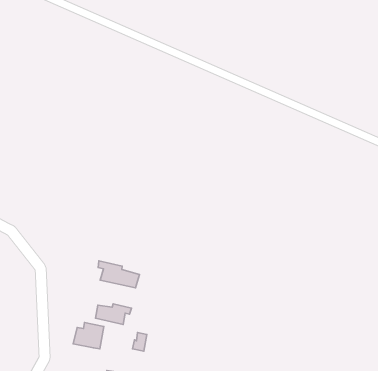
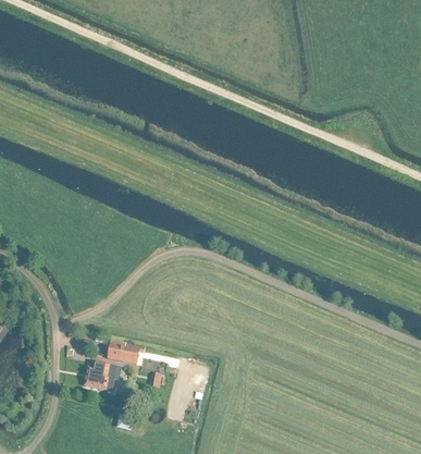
building: [98,261,140,288] -> none

